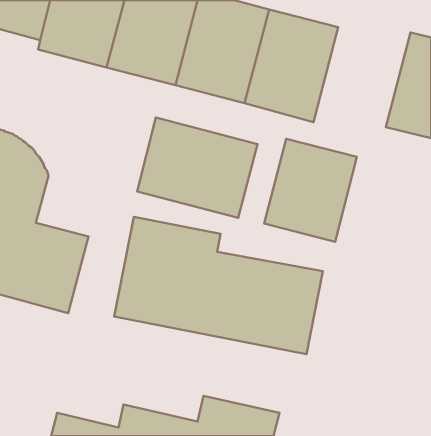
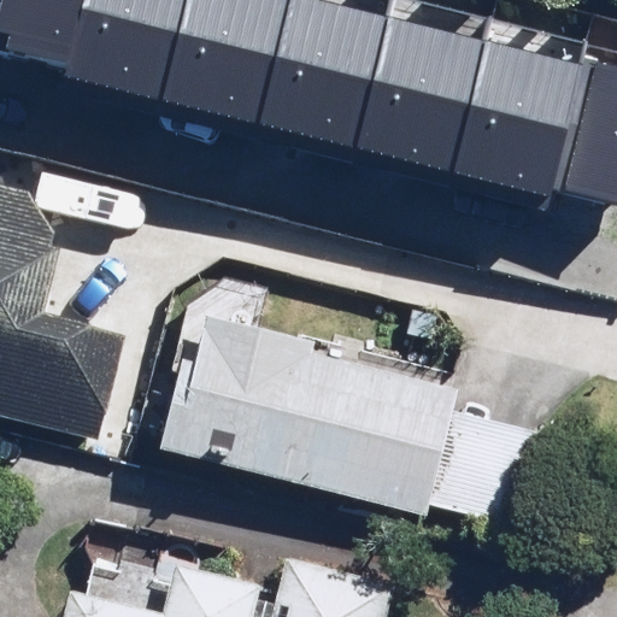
building: none -> [443,39,576,198]
building: [137,117,258,218] -> none
building: [264,139,357,242] -> none

